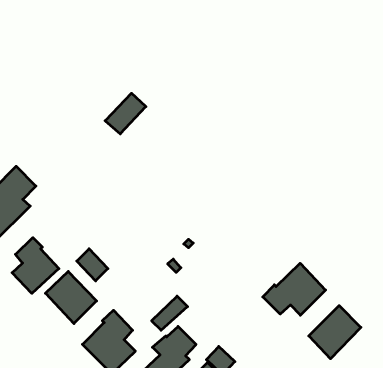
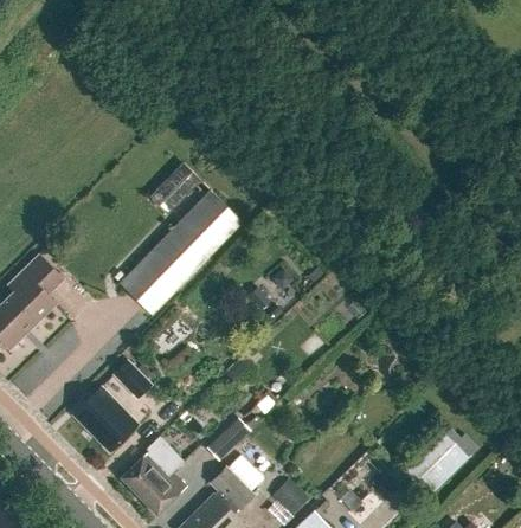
building: none -> [118,191,243,316]
building: [12,238,59,293] -> none
building: [263,263,326,315] -> none

